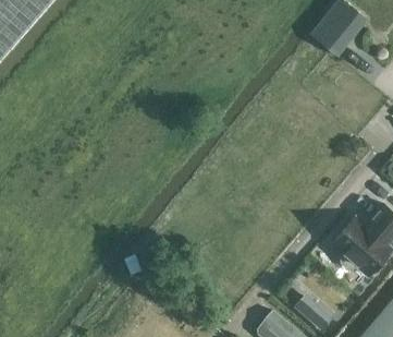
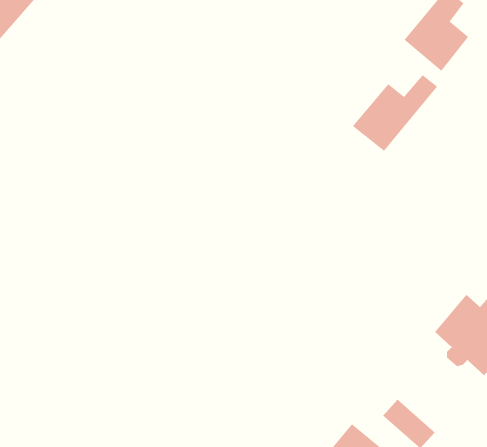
building: none -> [352,74,438,152]

